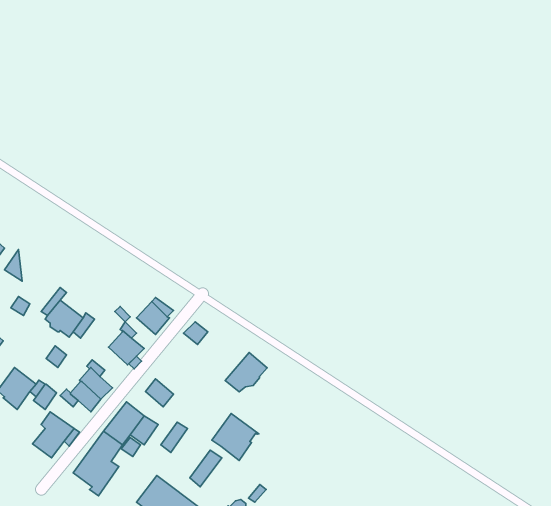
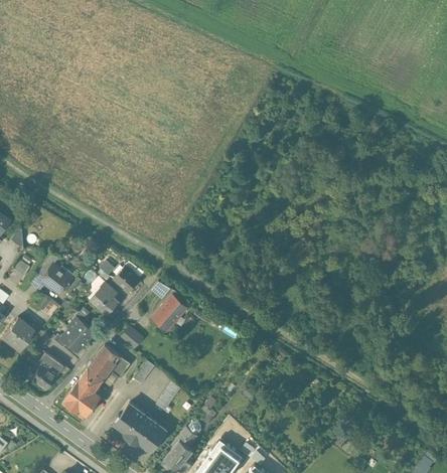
building: [225,353,267,392] -> [152,297,185,328]
building: [212,413,259,461] -> none

